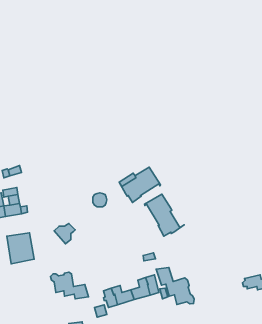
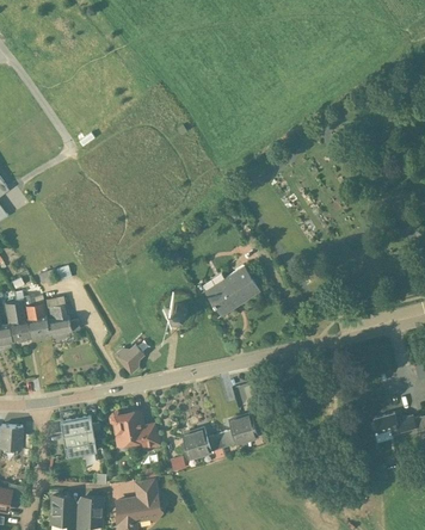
building: [144,194,184,236] -> none
building: [7,233,34,264] -> [60,415,97,457]
building: [156,268,194,305] -> none

